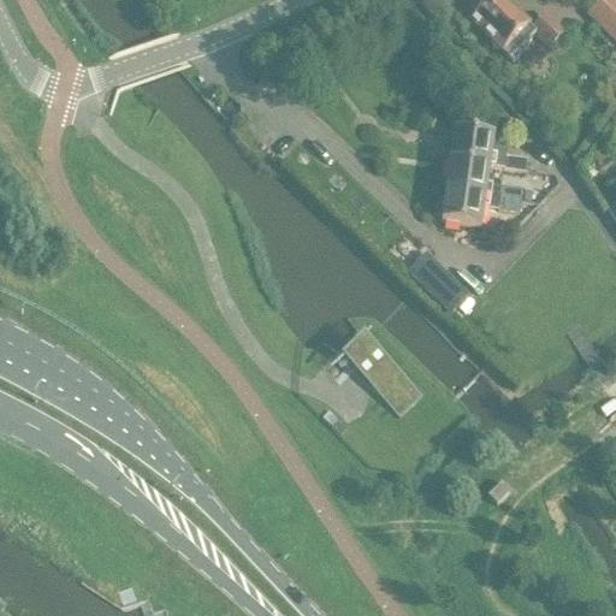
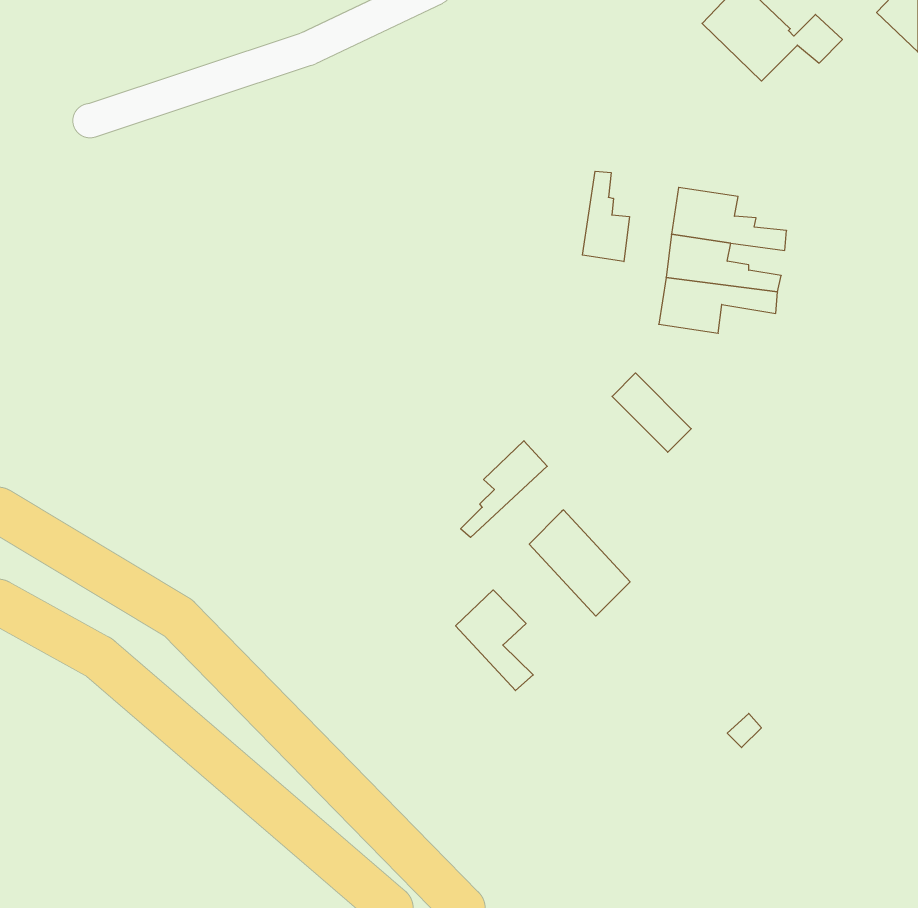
building: none -> [582,171,629,262]
building: none -> [461,441,547,537]
building: none -> [456,590,533,691]

